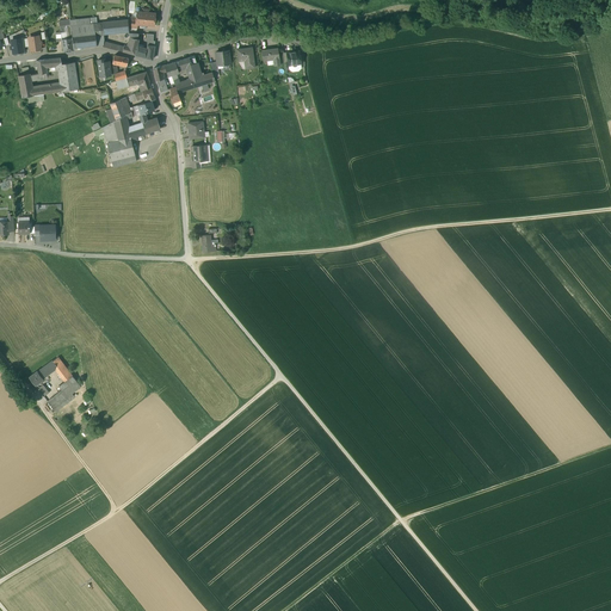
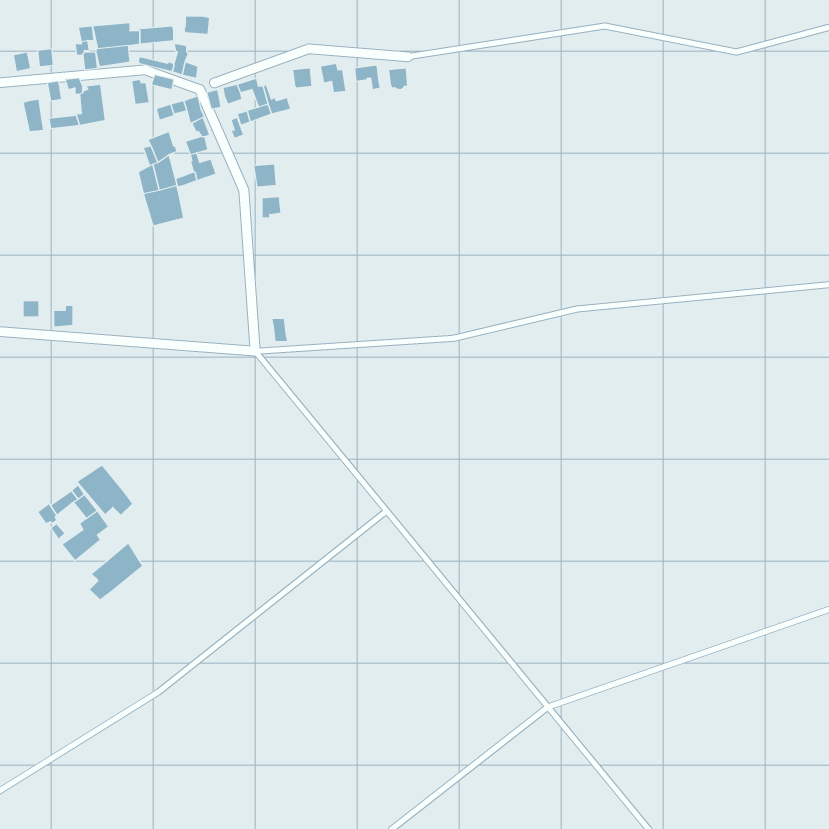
building: none -> [77,465,133,515]
building: none -> [89,543,143,600]

